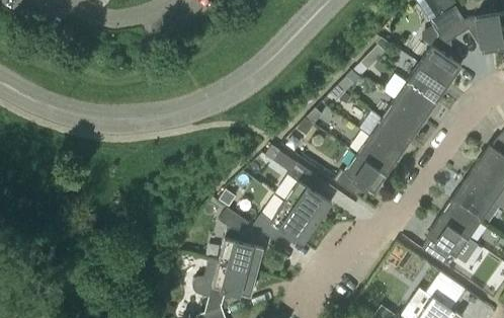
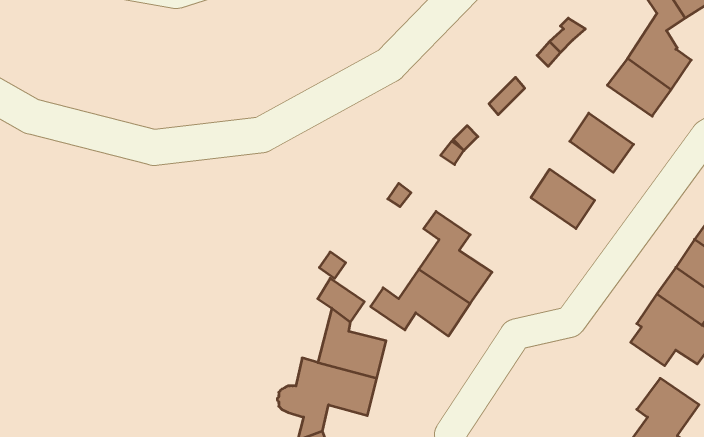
building: [394,82,435,121] -> none
building: [368,118,410,157] -> none
building: [333,155,386,196] -> none

